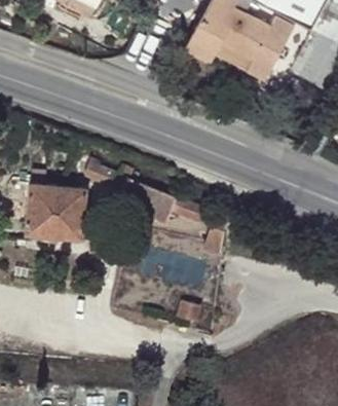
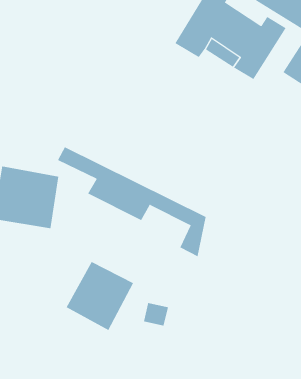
building: none -> [66,261,134,331]

